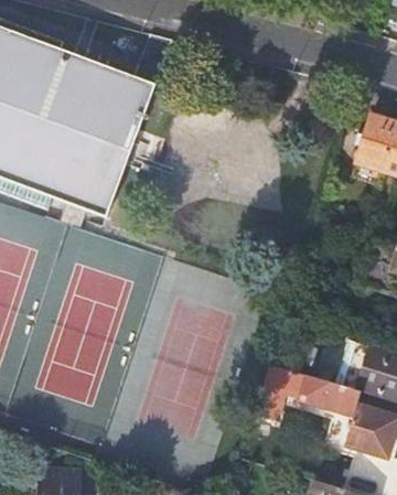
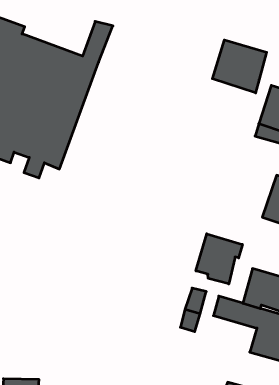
building: none -> [212,40,267,93]
building: none -> [196,234,242,284]

